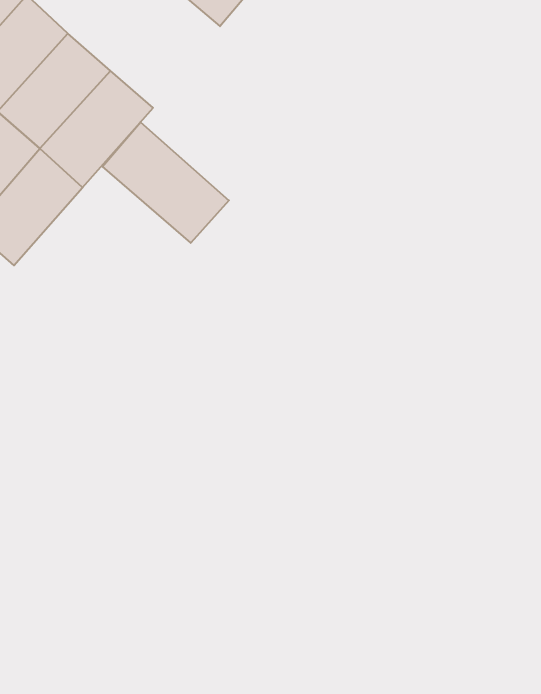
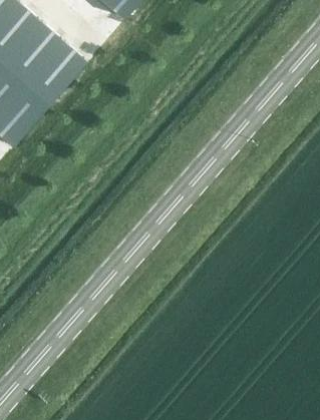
building: [102,122,229,243] -> none

